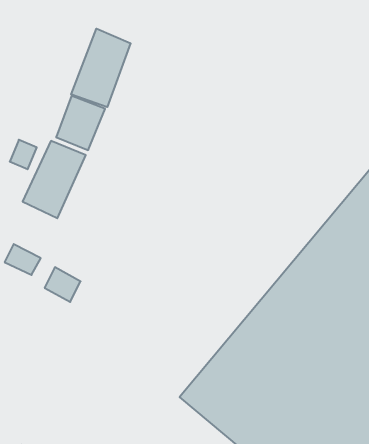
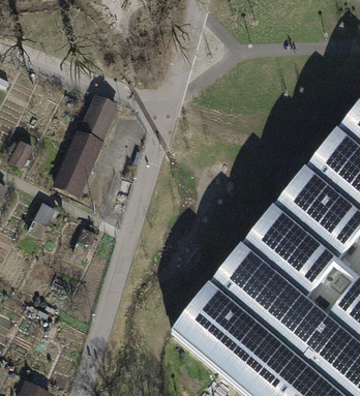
building: [71,29,131,107] -> none

